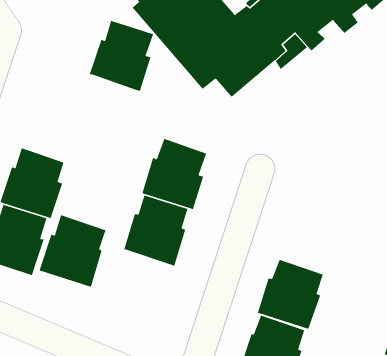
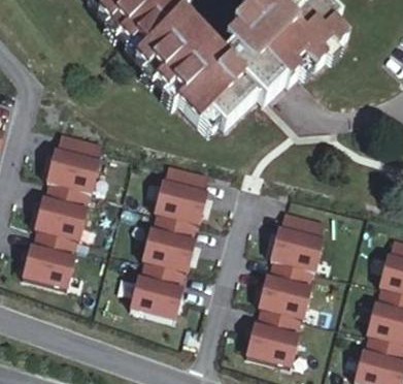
building: [89,20,154,92] -> [48,133,101,192]
building: none -> [270,213,324,270]
building: [38,214,106,288] -> [129,261,183,321]

